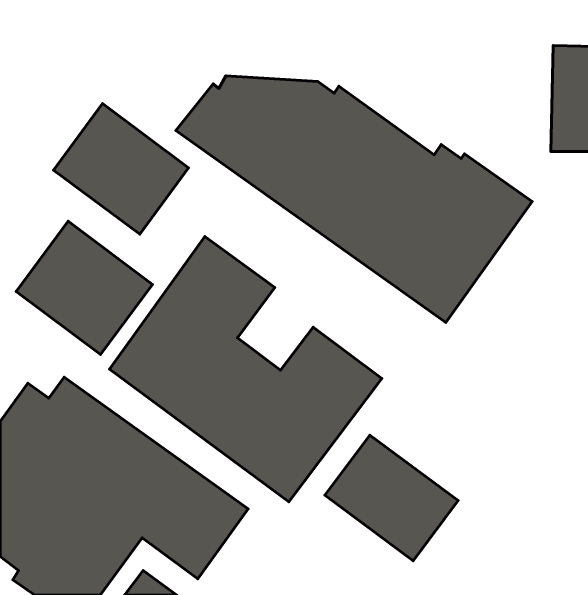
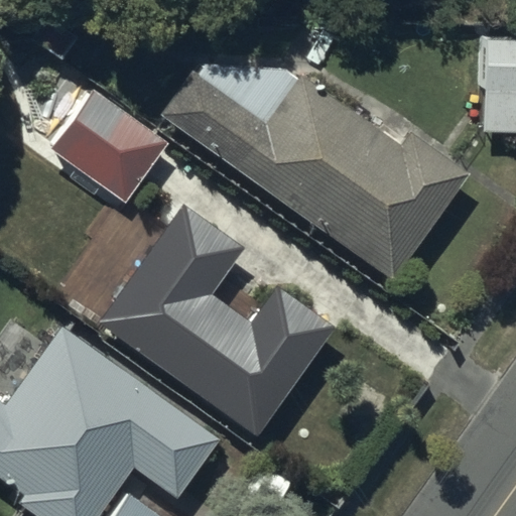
building: [16,221,153,354] -> none
building: [325,435,458,561] -> none

